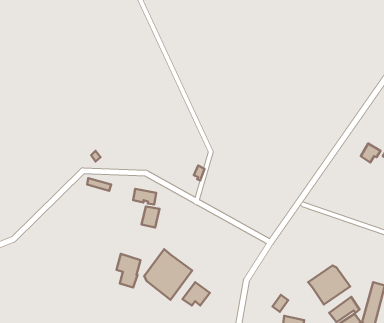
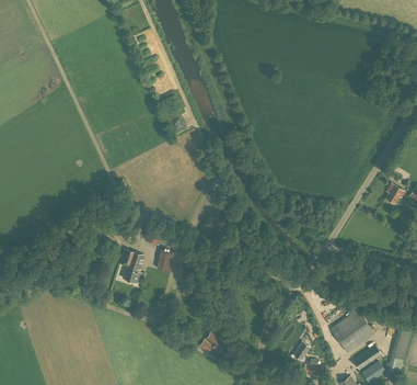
building: [144,249,192,300] -> none
building: [117,254,141,288] -> [118,247,143,282]

